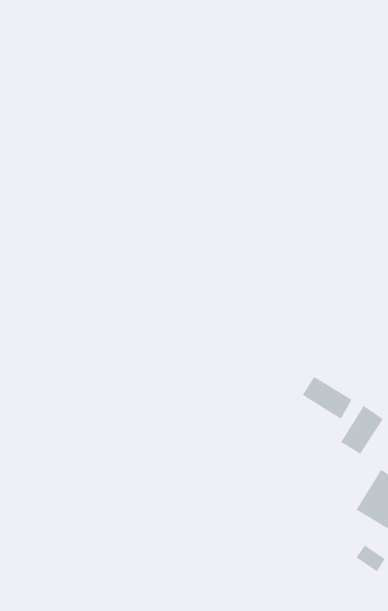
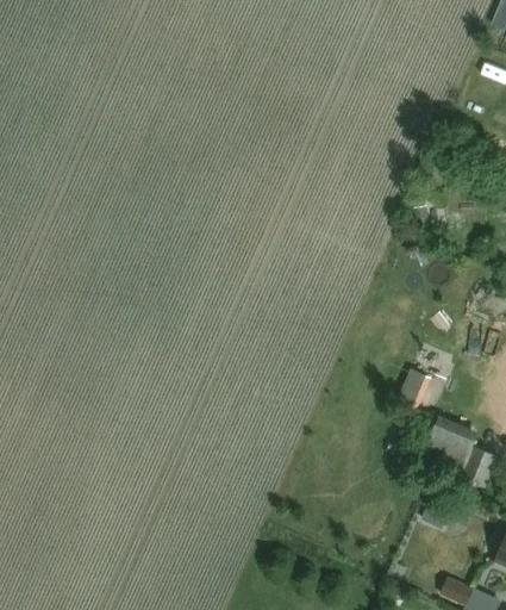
building: [302,376,353,420] -> none

